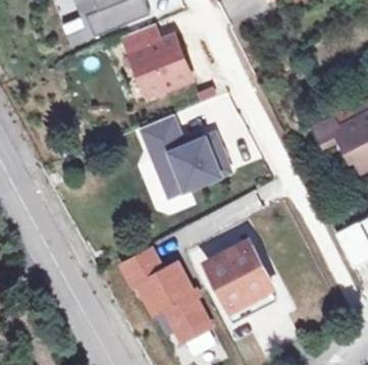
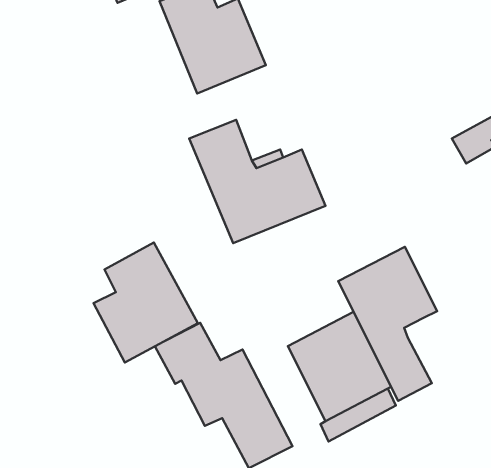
building: none -> [93,242,198,362]
building: none -> [338,247,437,401]

